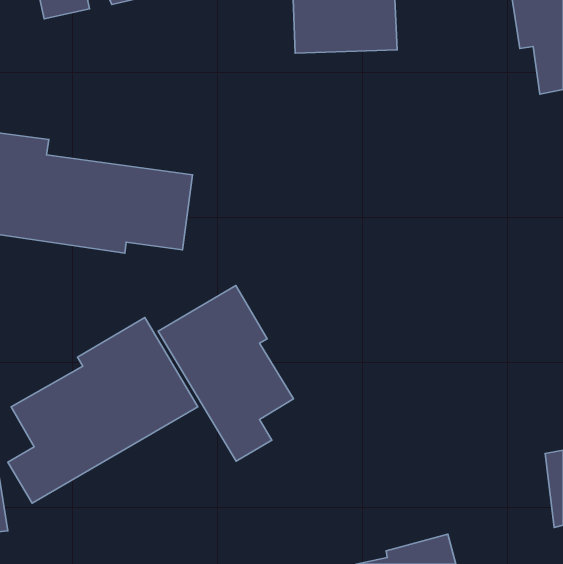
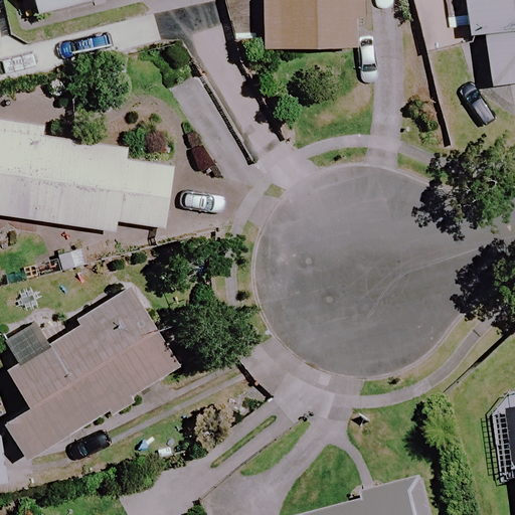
building: [158,286,294,461] -> none

